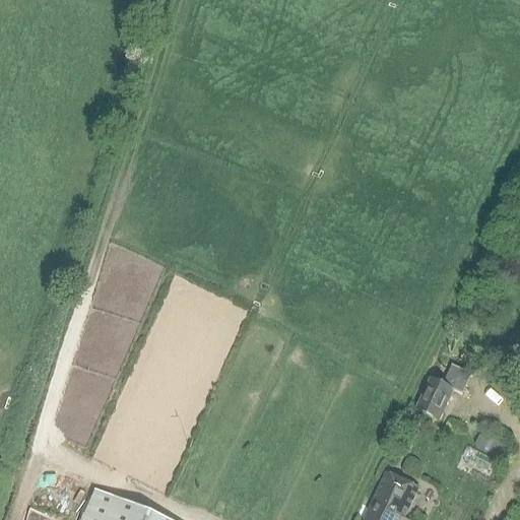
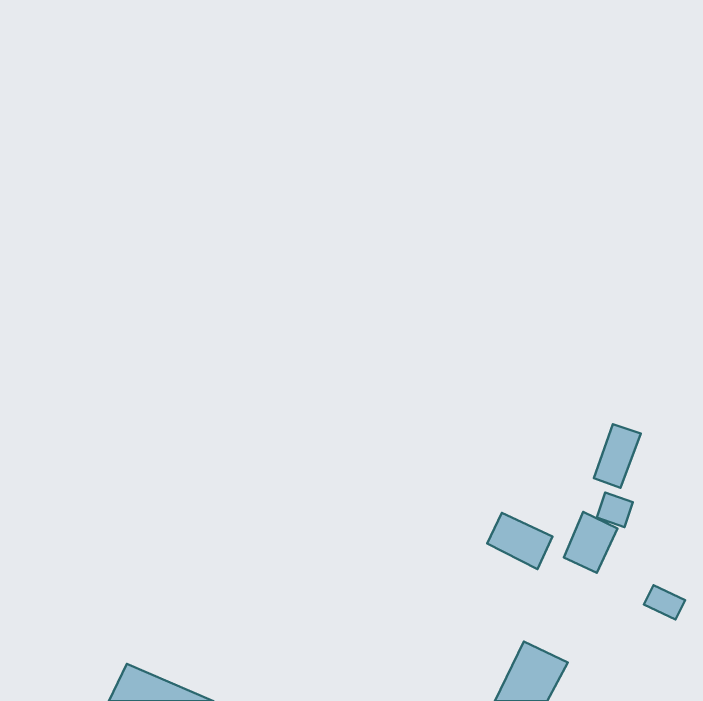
building: none -> [594,424,641,488]
building: none -> [487,513,553,569]

